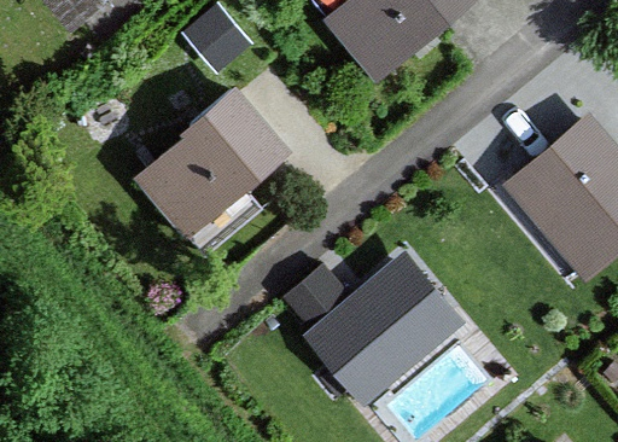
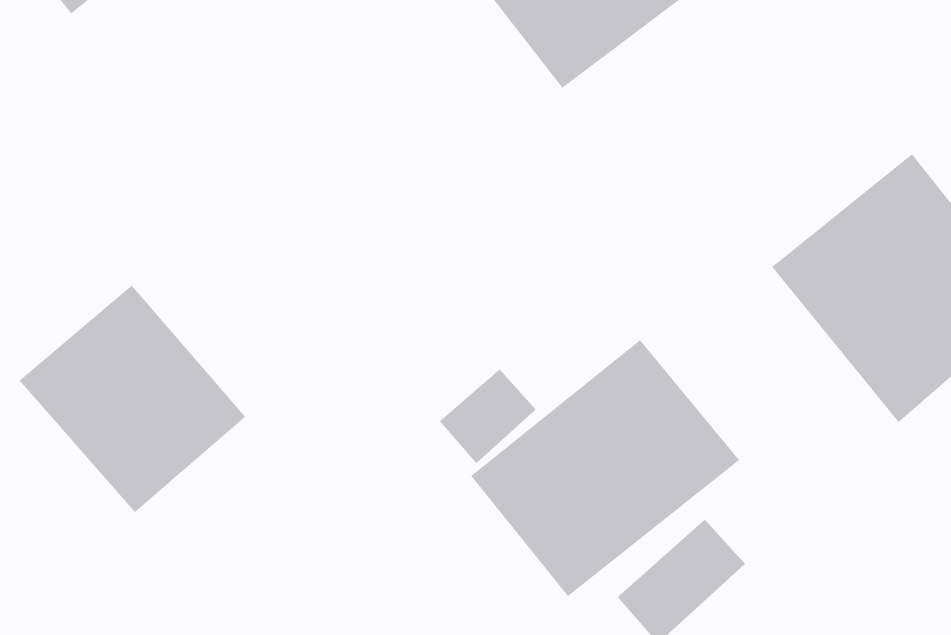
building: [127,83,292,243] -> none
building: none -> [19,285,246,513]

